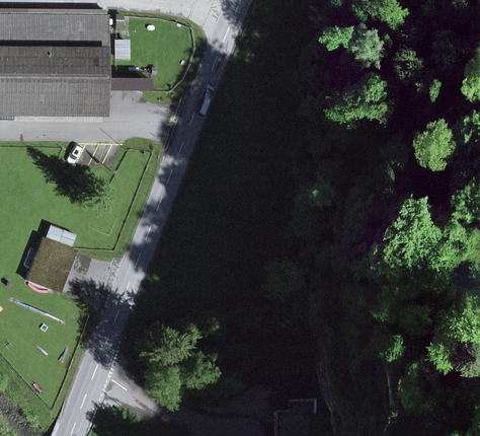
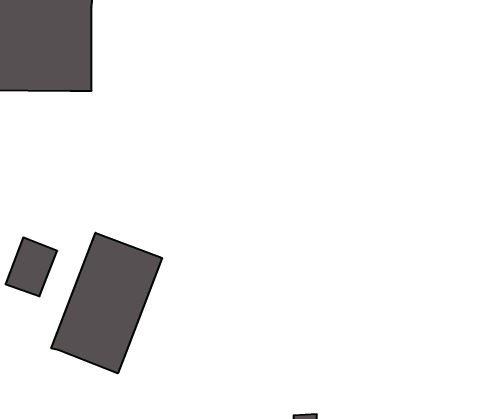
building: none -> [51,233,162,373]

